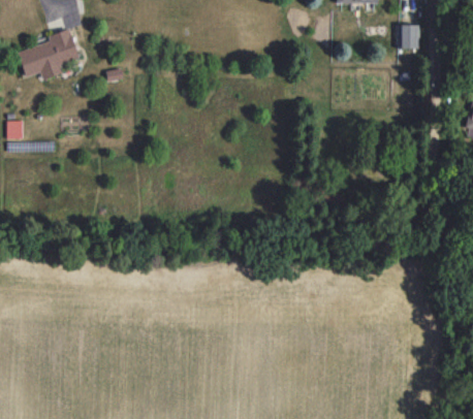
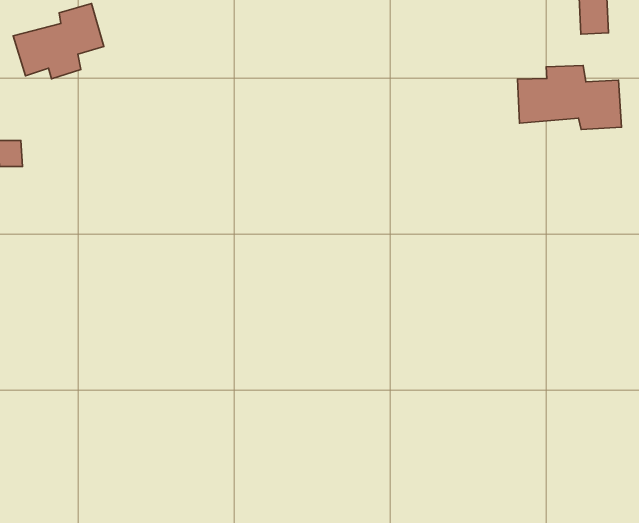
building: none -> [518,65,622,129]

